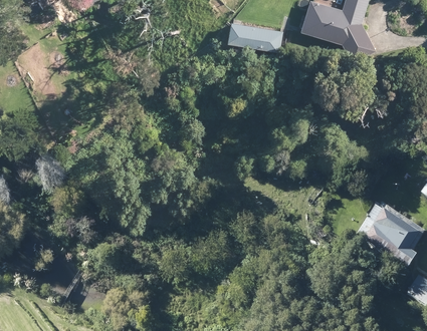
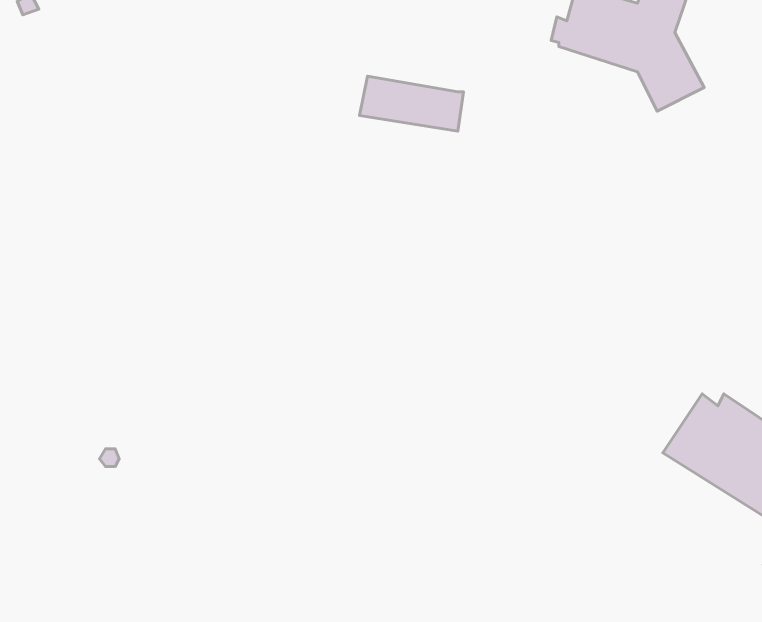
building: [228,22,281,50] -> [360,76,464,131]

